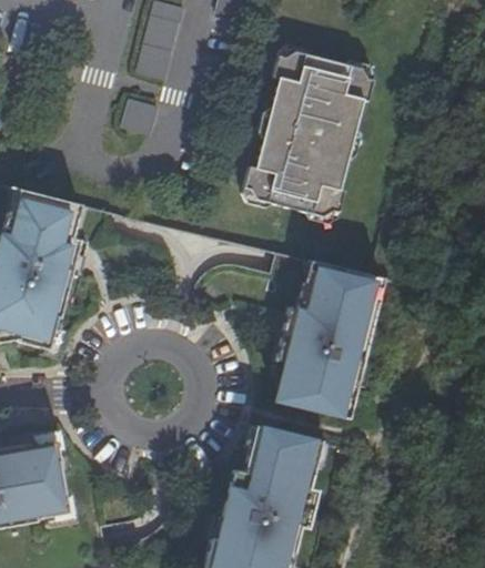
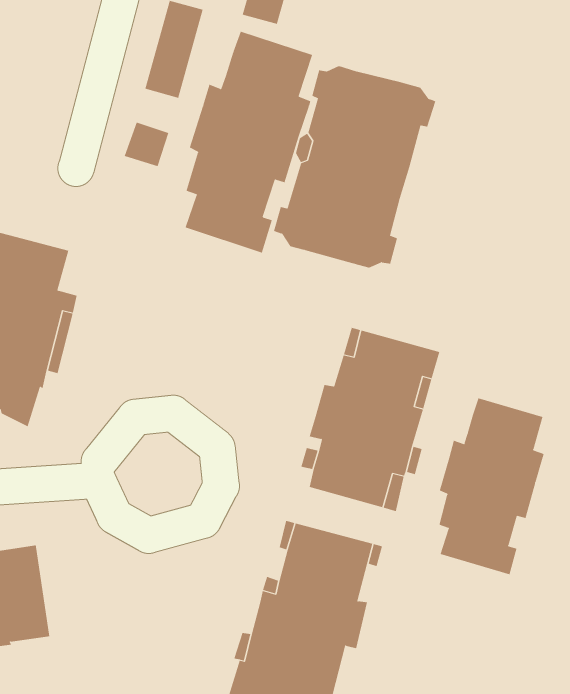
building: none -> [185,31,313,253]
building: none -> [439,398,544,575]

